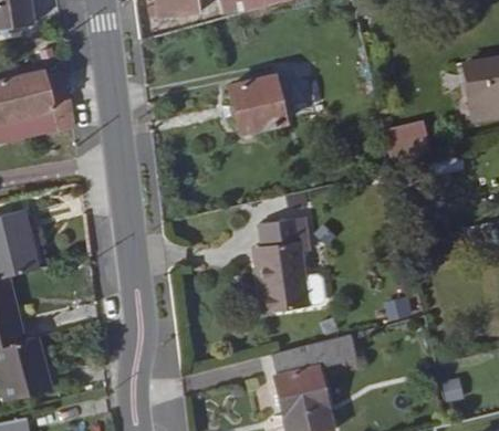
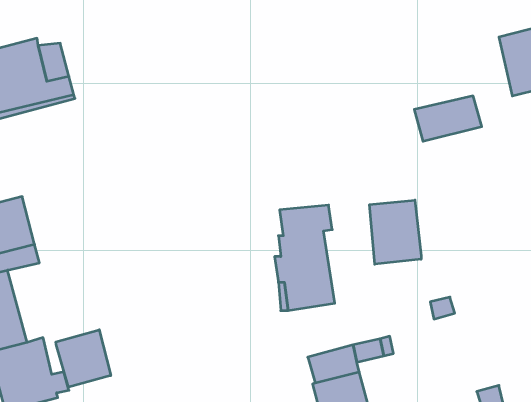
building: [233,66,289,127] -> none
building: none -> [370,200,421,264]
building: none -> [56,330,111,387]

